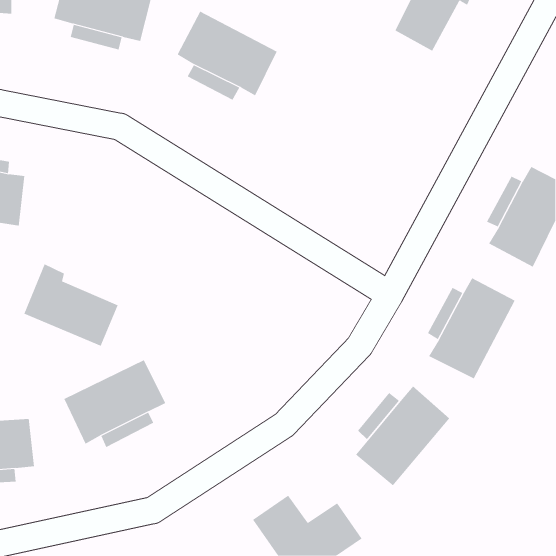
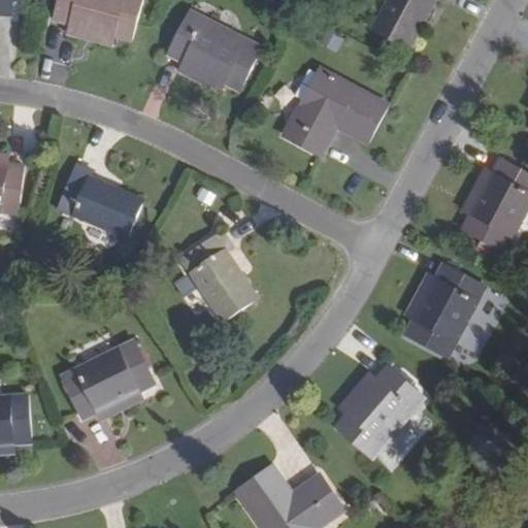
building: none -> [286,68,386,154]
building: none -> [179,229,259,323]
building: [23,264,118,347] -> [56,161,145,239]

